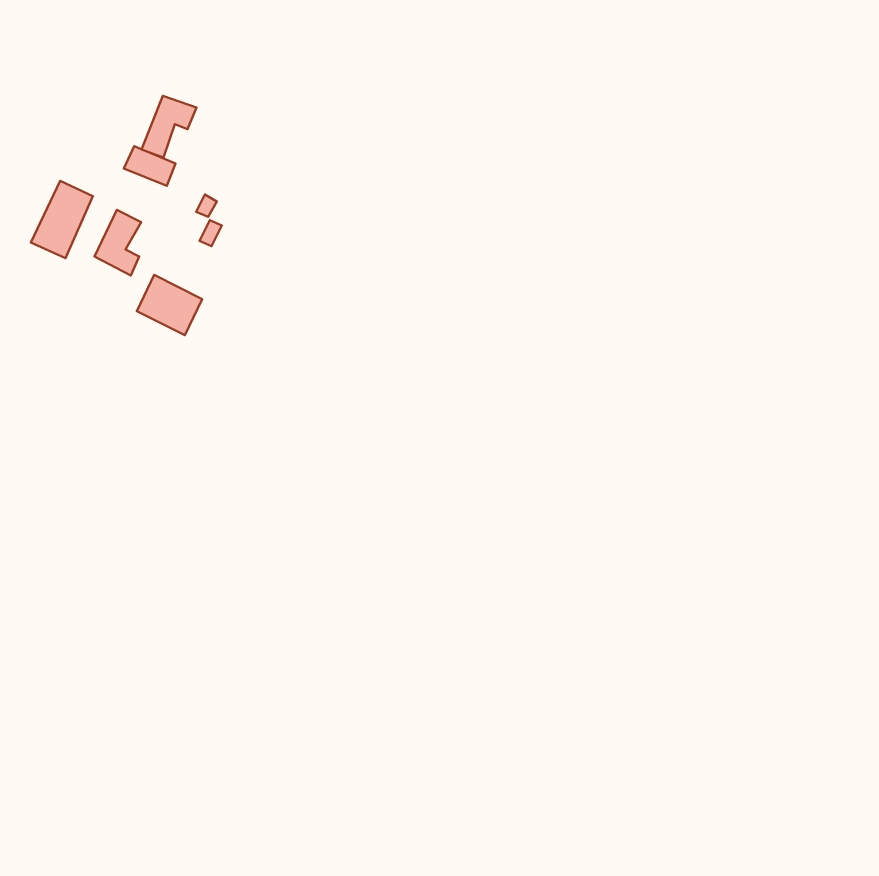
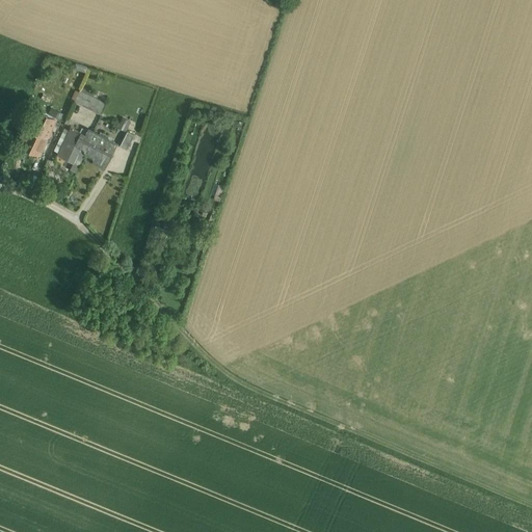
building: [142,96,196,158] -> none
building: [137,275,202,335] -> [77,131,116,167]

